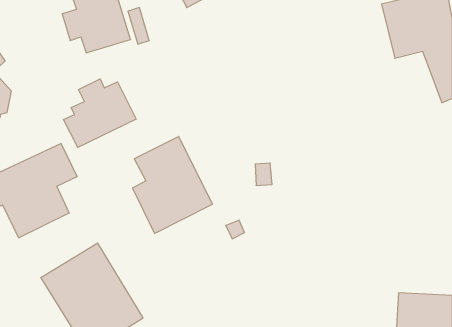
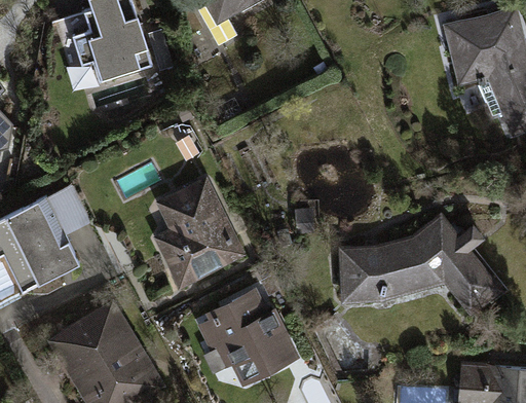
building: [63,79,136,148] -> none
building: none -> [337,212,506,319]
building: none -> [196,289,300,388]

